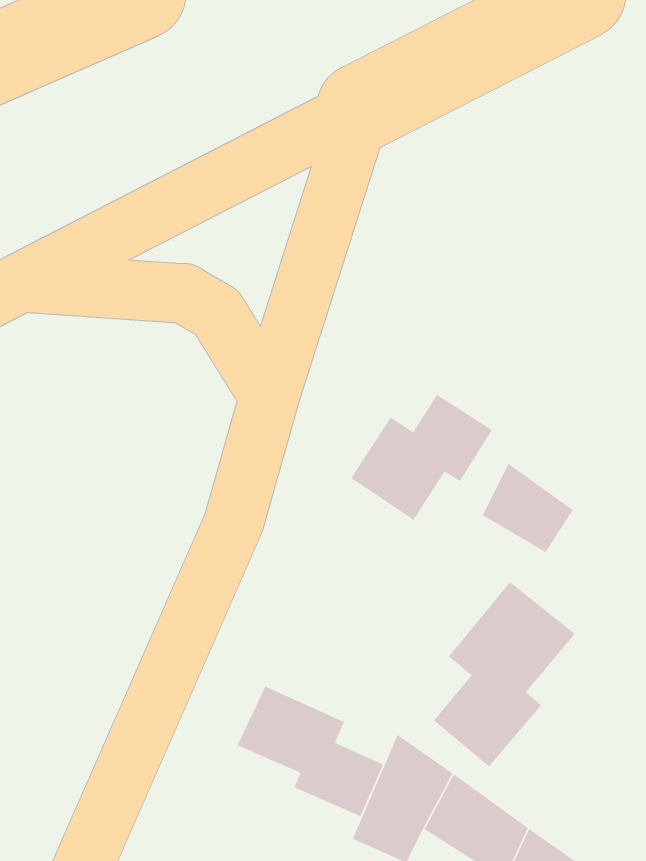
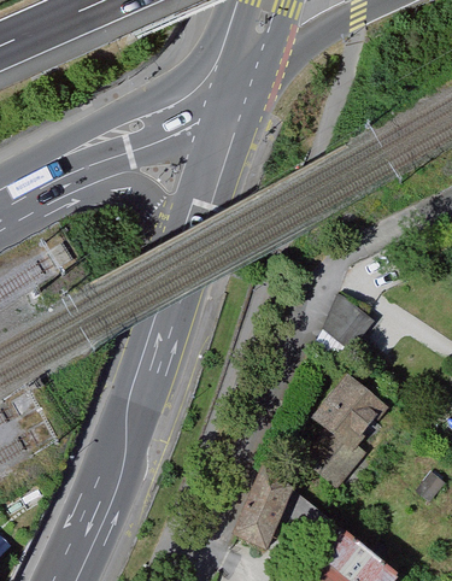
building: [350,394,493,521] -> none
building: [237,685,384,817] -> none

